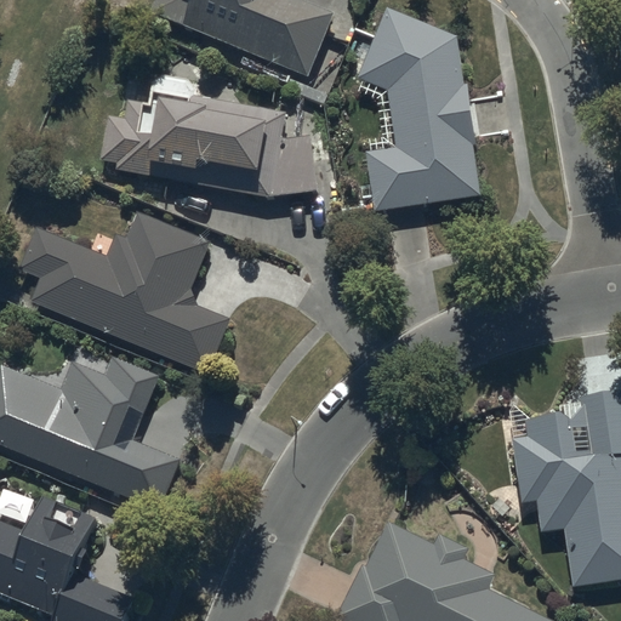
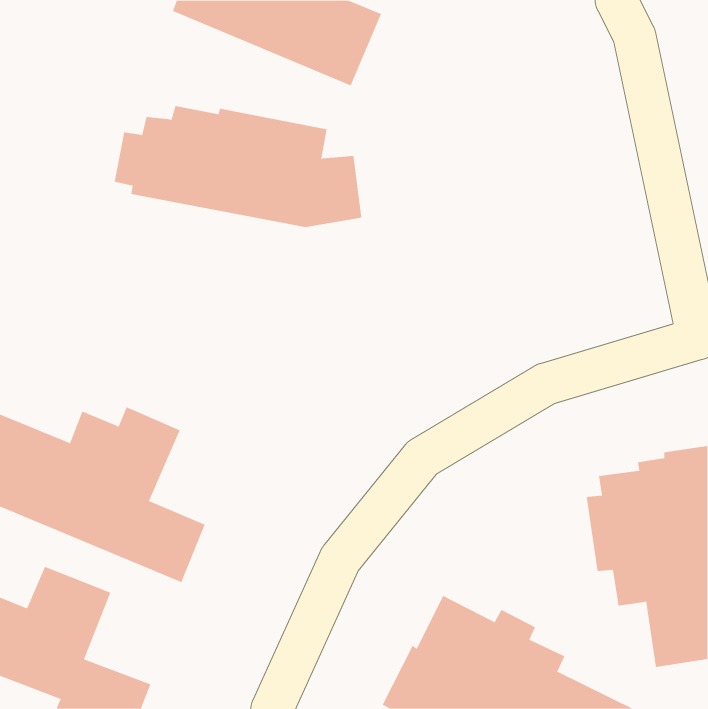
building: [358,5,479,211] -> none
building: [17,210,230,375] -> none

